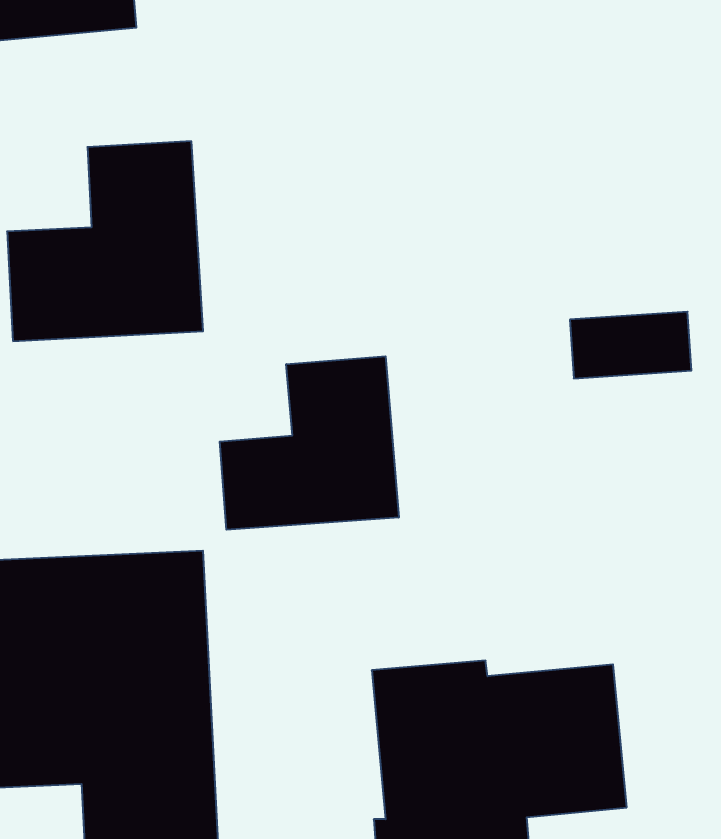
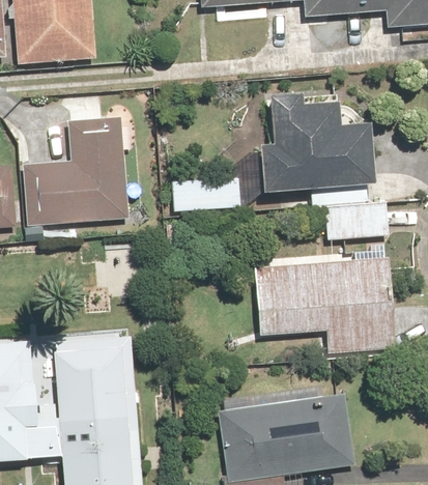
building: none -> [170,88,376,213]
building: [220,356,399,530] -> none
building: none -> [256,256,394,353]

